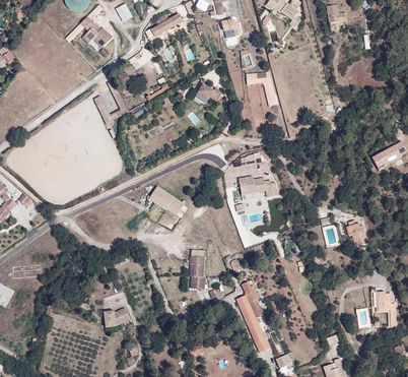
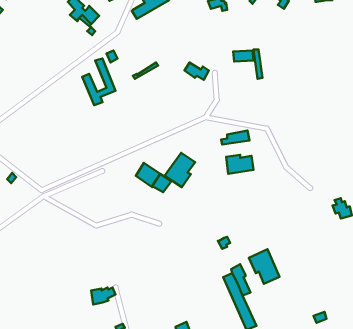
building: none -> [165,153,195,187]
building: [189,256,205,289] -> none
building: none -> [249,249,279,284]

